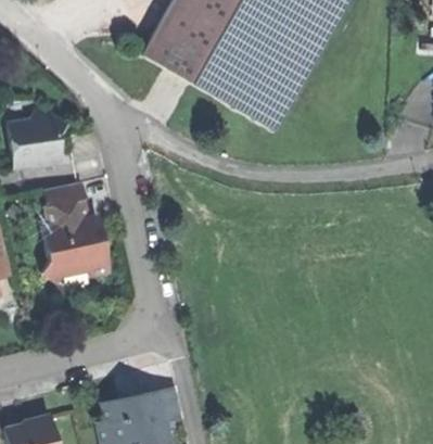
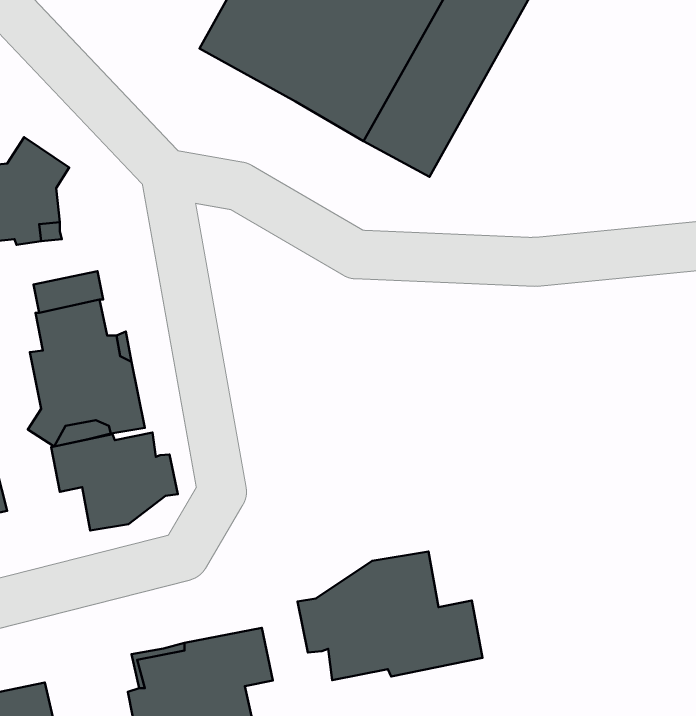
building: none -> [51,432,178,530]
building: none -> [298,552,482,680]

